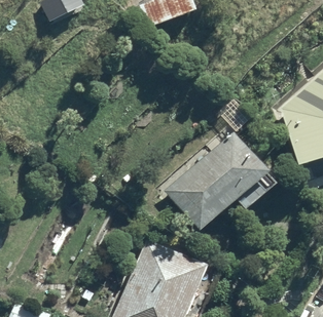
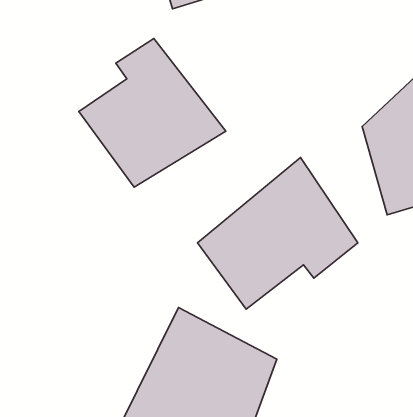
building: none -> [79,39,226,187]

